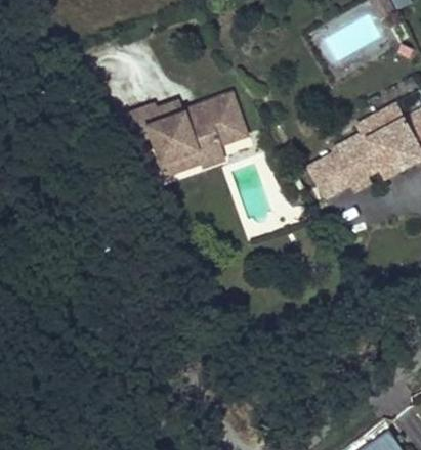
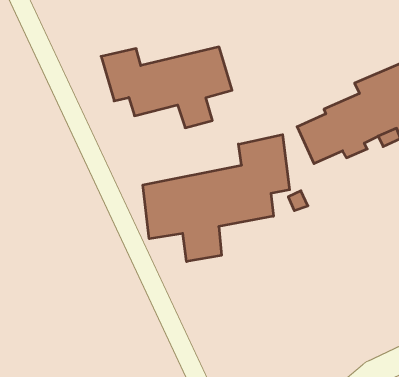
building: none -> [143,135,290,262]

